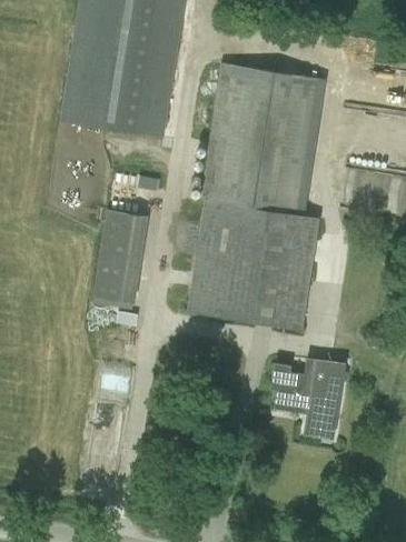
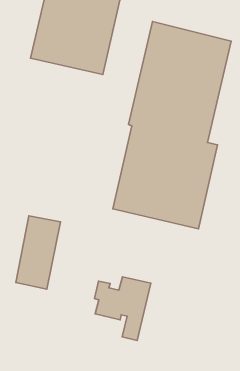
building: [92,212,145,307] -> [16,216,60,289]
building: [274,358,346,440] -> [95,277,151,341]

